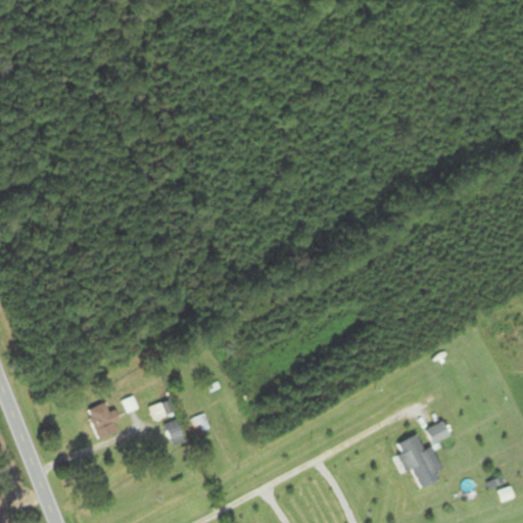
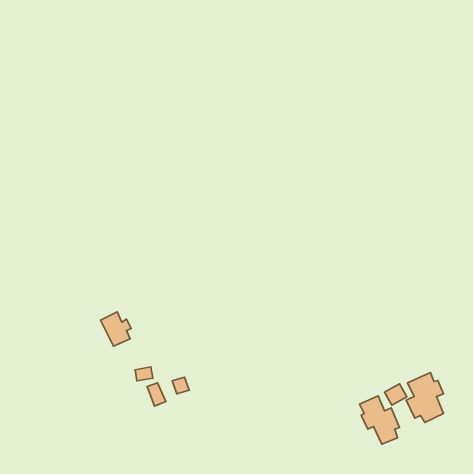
building: [86,401,120,439] -> [100,312,131,346]
building: none -> [406,373,444,423]

